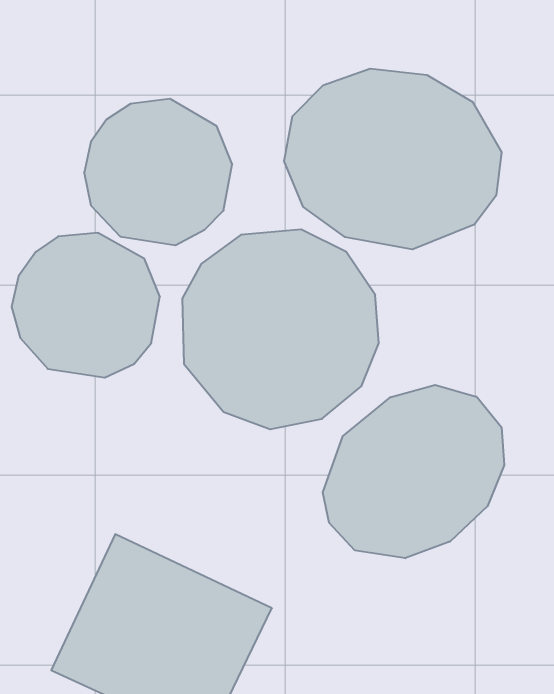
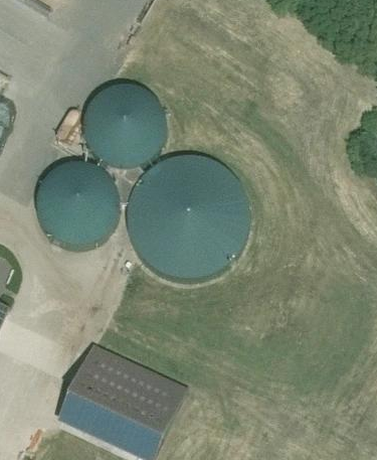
building: [284,69,501,249] -> none
building: [323,385,504,558] -> none

